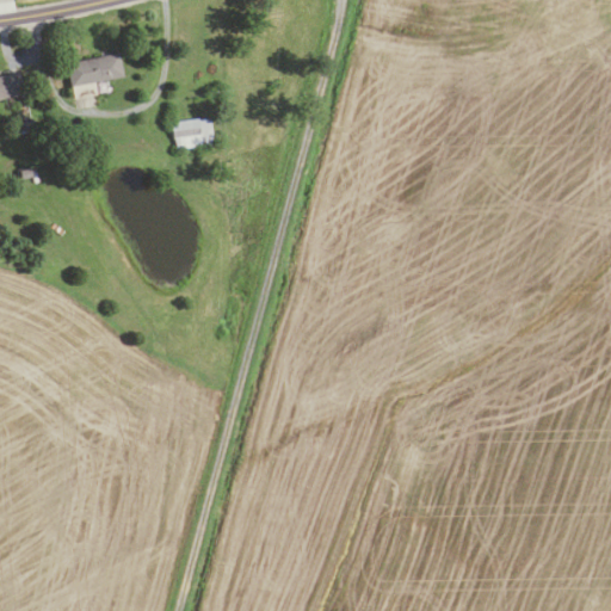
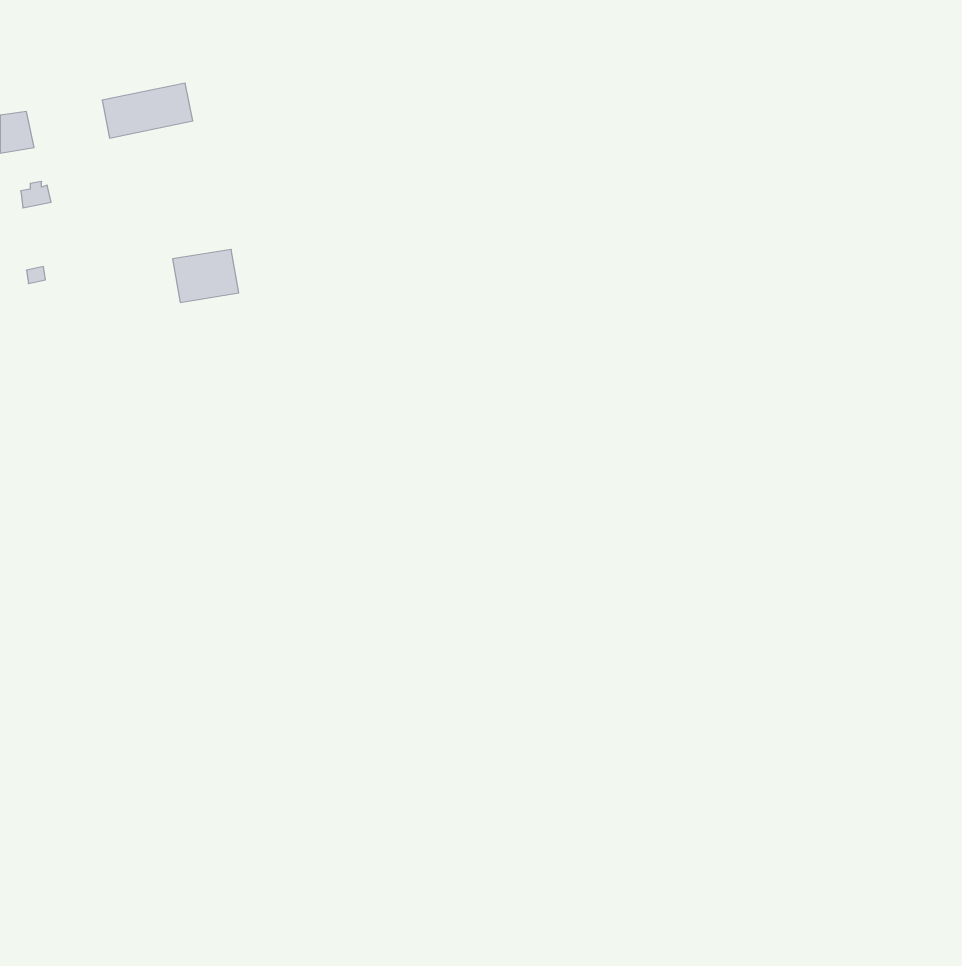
building: [173,117,215,150] -> [173,249,239,302]

